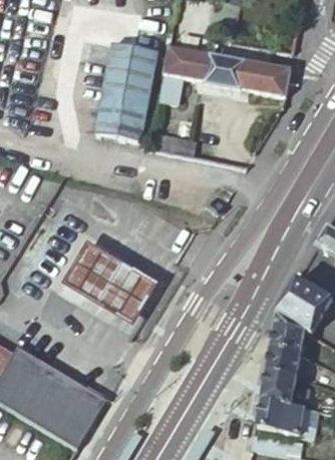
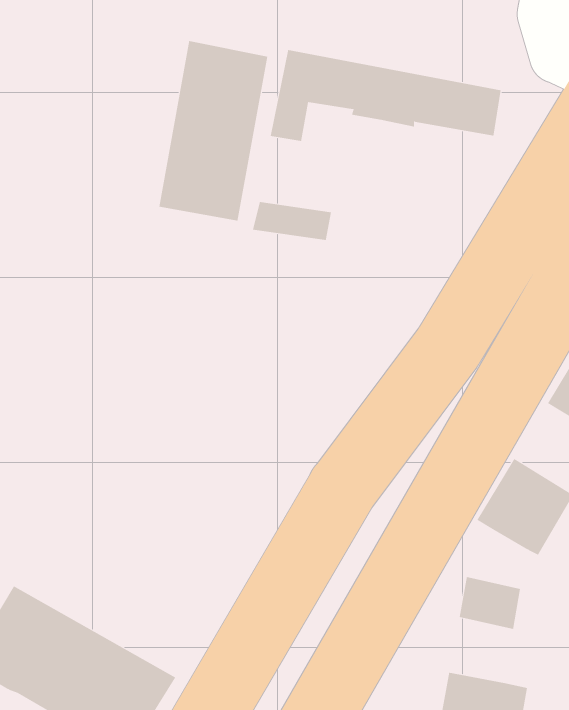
building: [55,228,156,318] -> none
building: [270,312,305,351] -> none
building: [260,367,297,404] -> none

